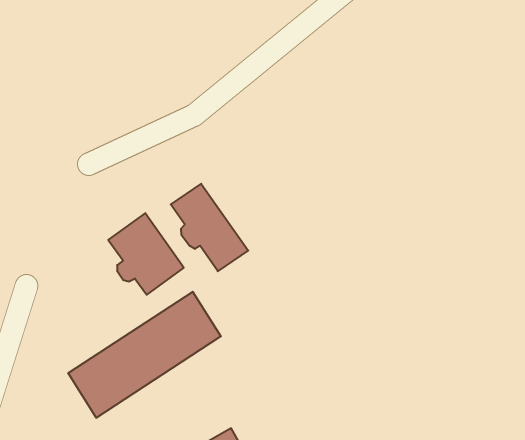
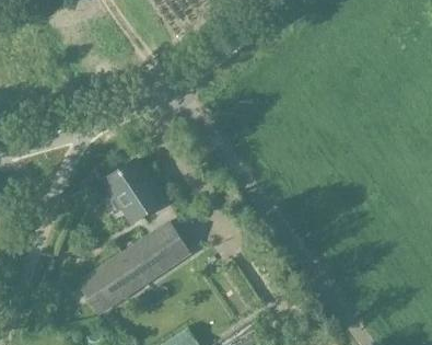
building: [171,184,248,271] -> none

